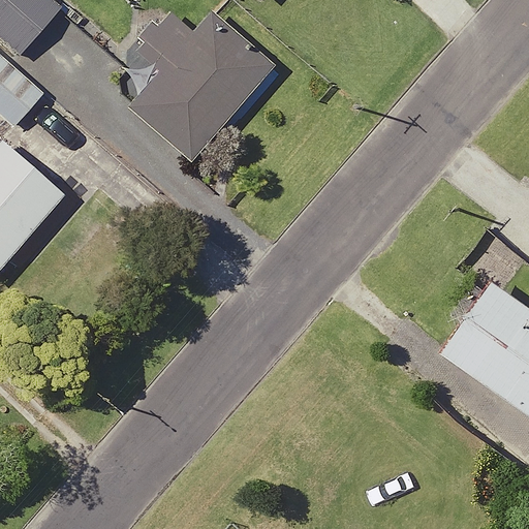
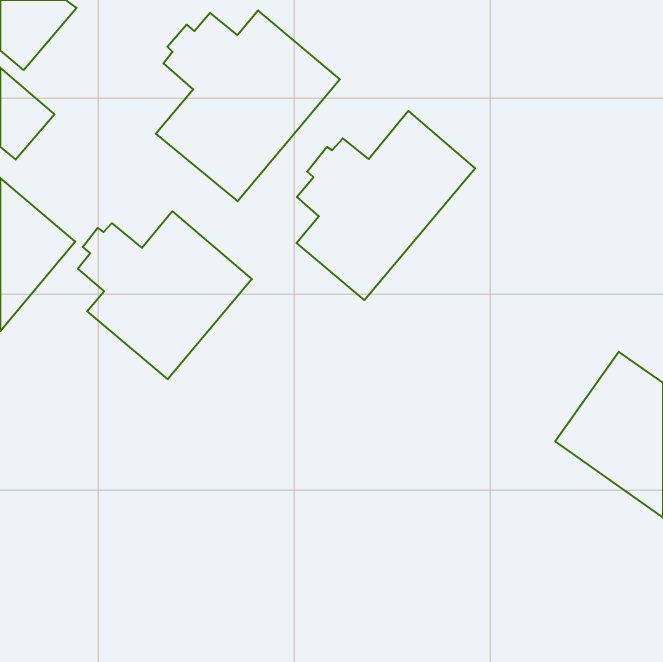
building: none -> [296,111,475,300]
building: none -> [78,211,252,379]

